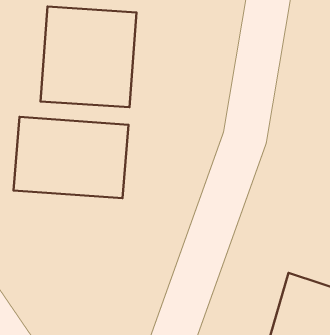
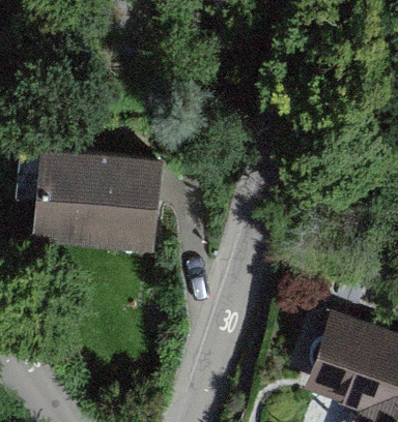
building: [41,6,137,107] -> none

